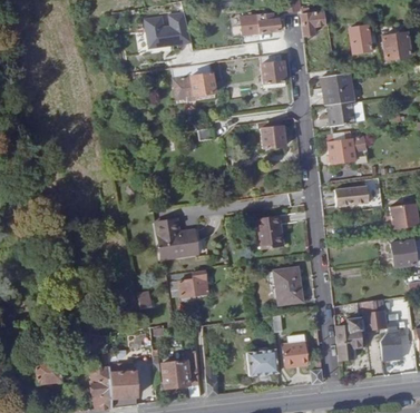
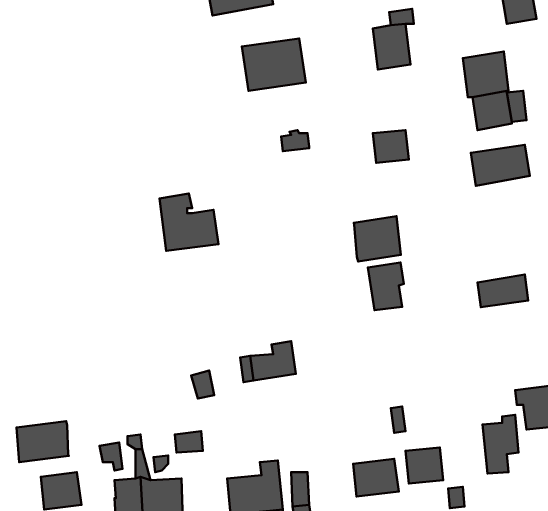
building: none -> [354,216,401,261]
building: [335,185,370,207] -> [478,274,528,307]
building: [157,219,197,258] -> [160,193,218,251]
building: [274,266,303,304] -> none
building: none -> [17,421,69,462]

